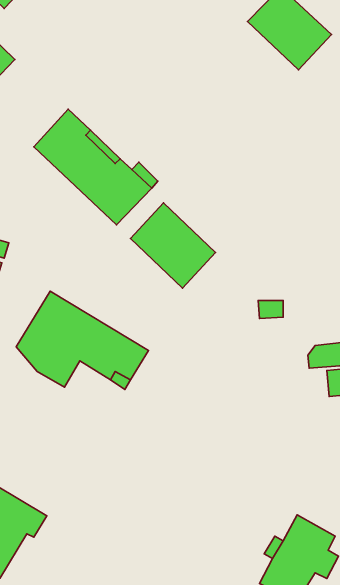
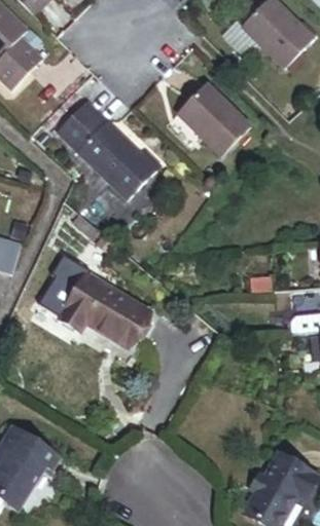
building: [130,203,216,288] -> [173,82,247,156]

